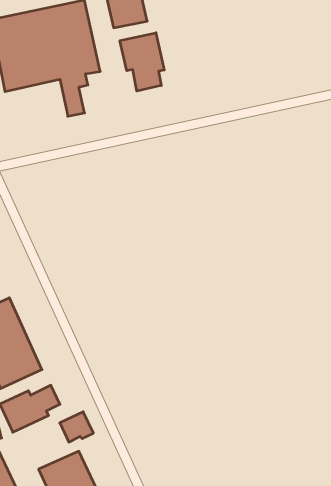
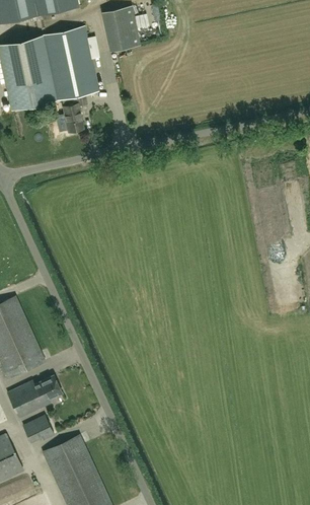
building: [120,33,164,91] -> none
building: [60,412,93,442] -> [23,415,54,442]

